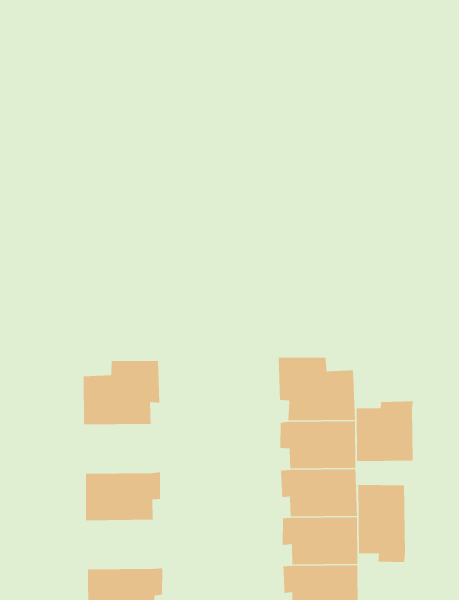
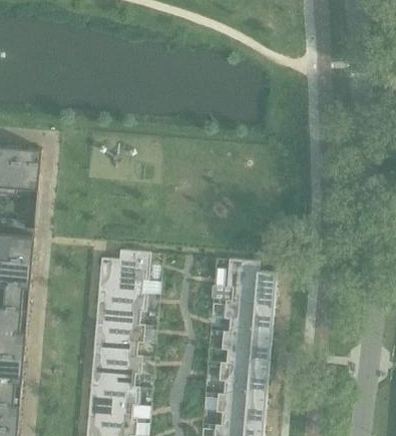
building: [356,401,414,462] -> none
building: none -> [95,291,146,326]
building: [358,484,406,563] -> none
building: none -> [90,353,141,388]

